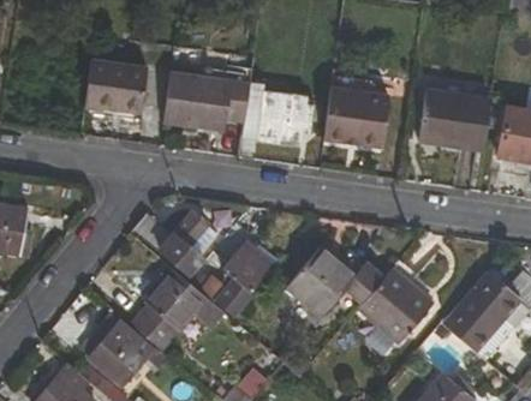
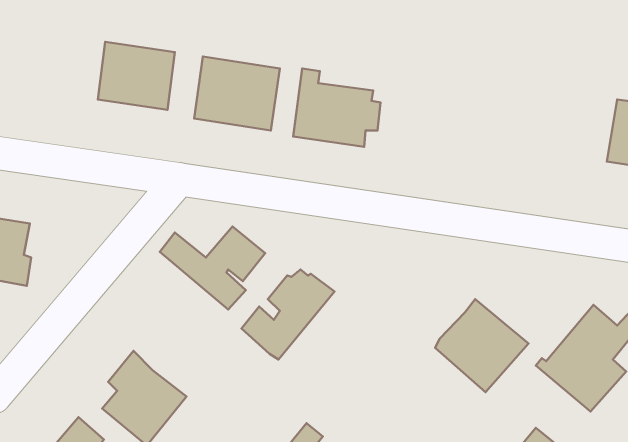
building: [323,86,389,148] -> none
building: [419,89,490,151] -> none
building: [286,246,382,316] -> none
building: [129,267,223,353] -> none

